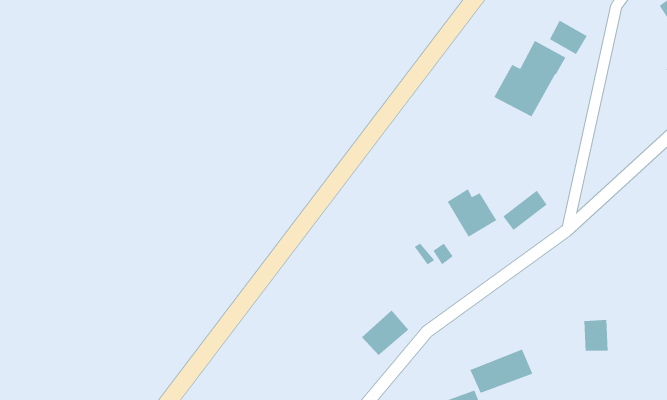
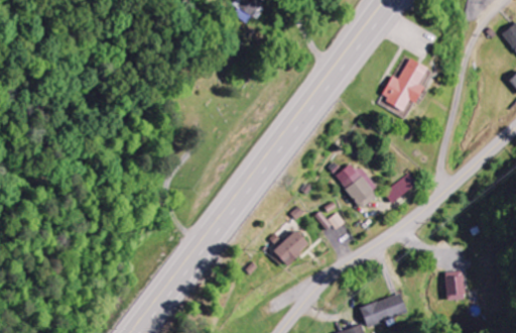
building: [549,20,587,55] -> none
building: [361,309,409,356] -> [271,230,307,265]

